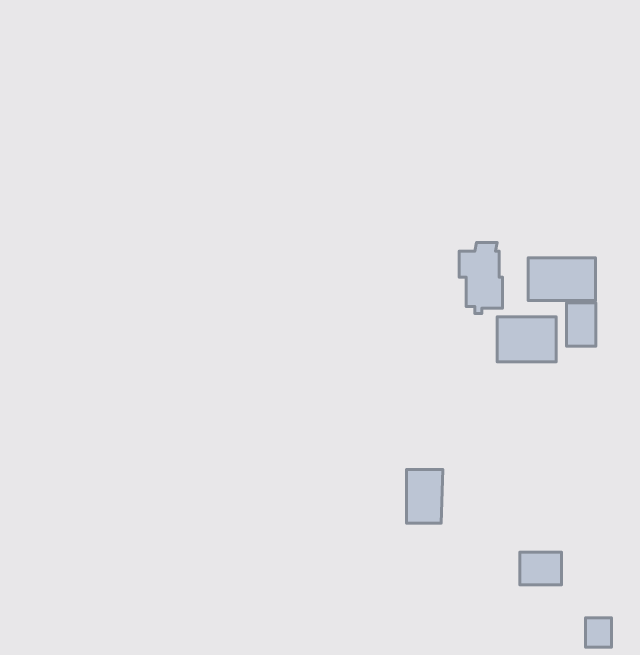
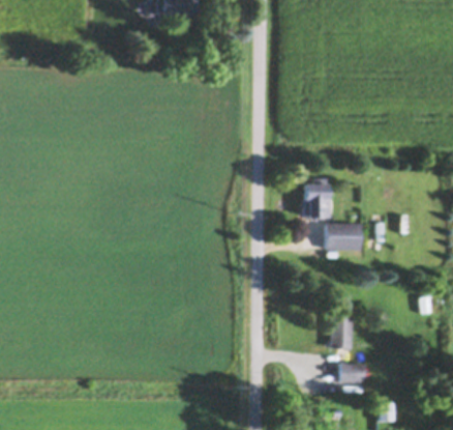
building: [528,258,595,301] -> none
building: [407,469,443,523] -> [331,317,353,349]

